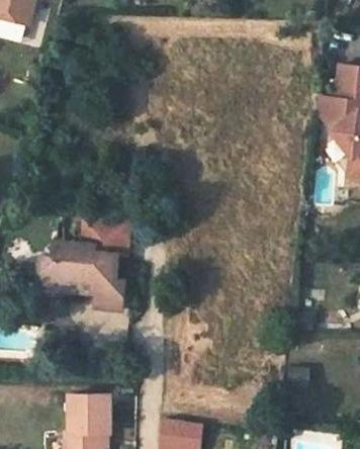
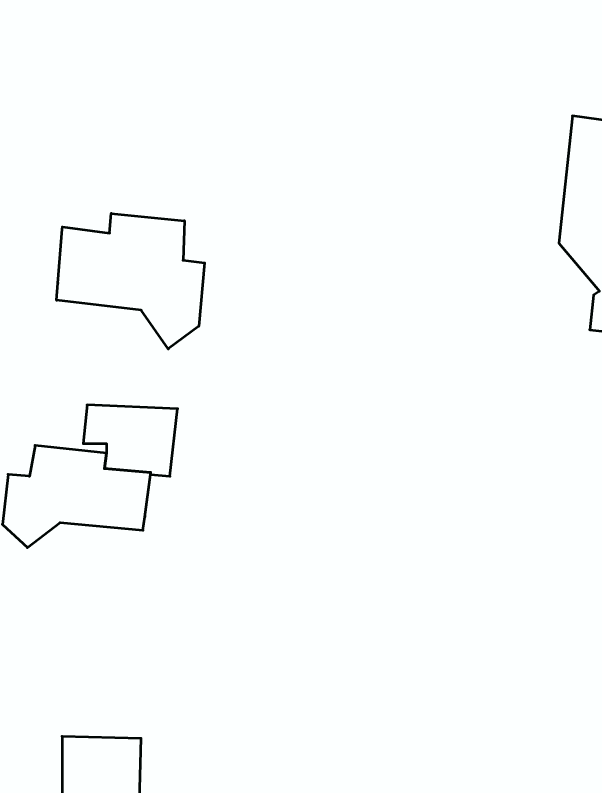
building: none -> [57,213,205,349]
building: [52,277,124,308] -> none

